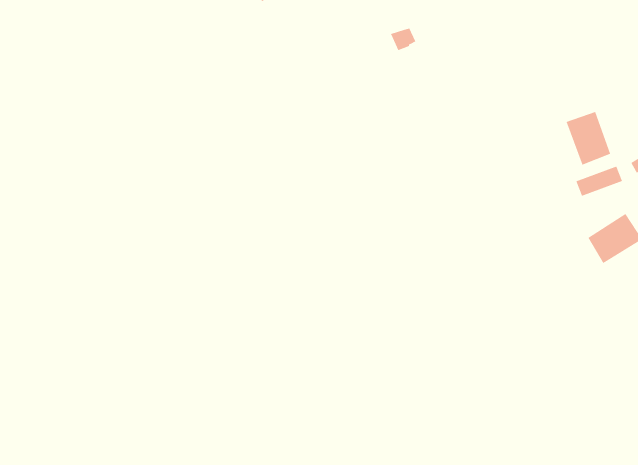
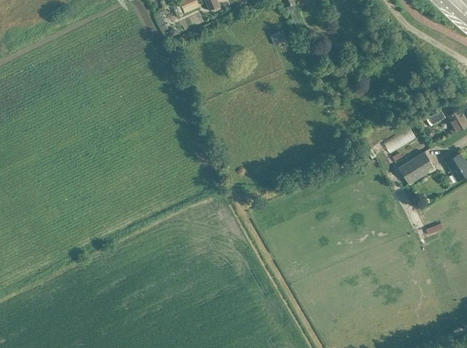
building: [566,111,611,166] -> none

